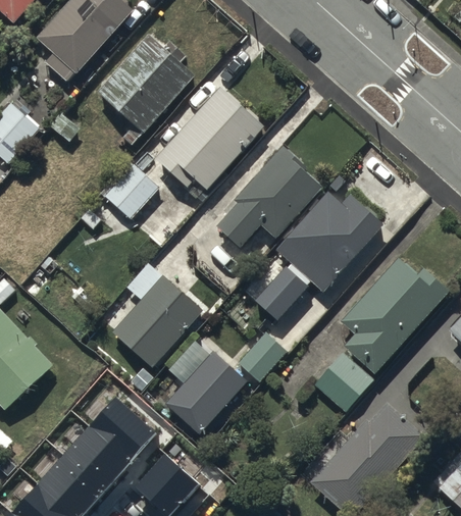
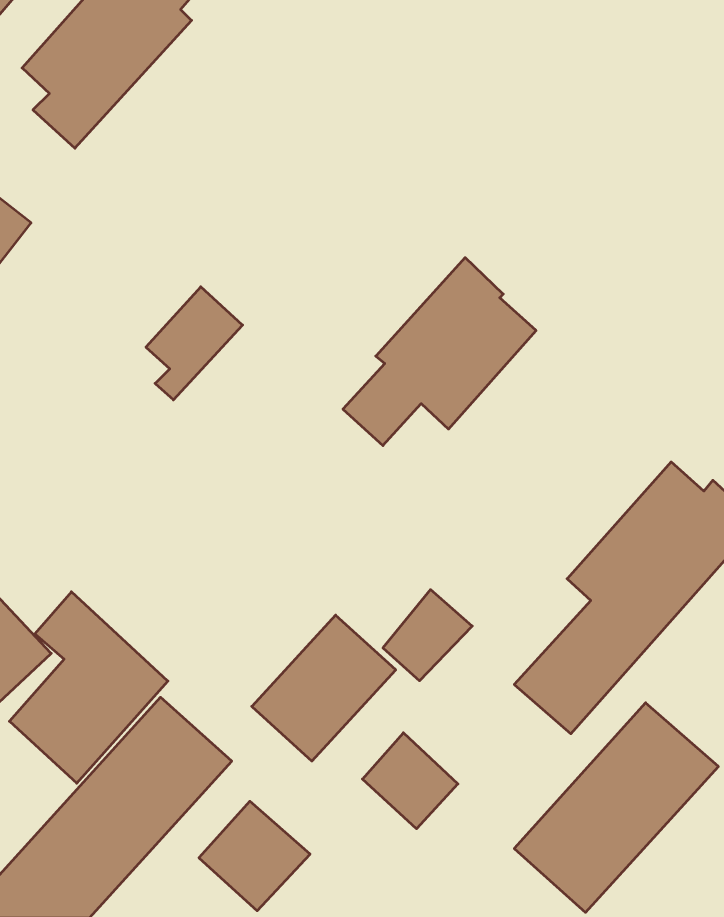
building: [96,37,194,147] -> none
building: [155,90,264,194] -> none
building: [255,194,381,322] -> none
building: [113,263,202,370] -> [9,592,168,783]
building: none -> [362,733,458,829]

